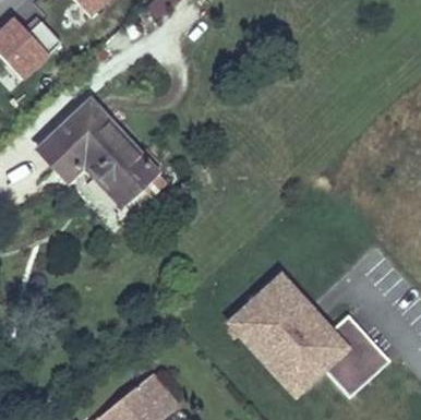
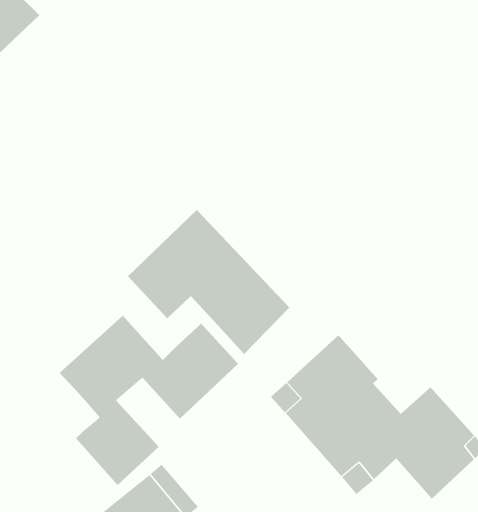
building: [38,101,158,208] -> [127,209,290,355]
building: none -> [59,315,239,486]

